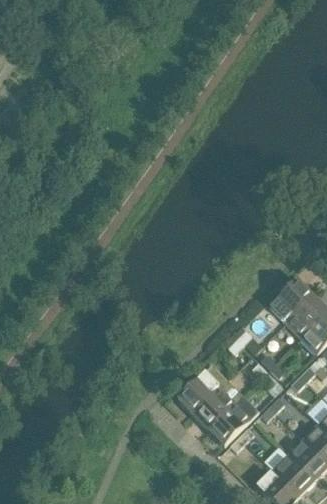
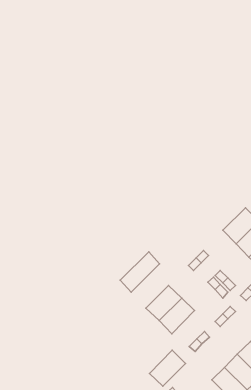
building: none -> [120,252,159,292]
building: [208,401,251,444] -> [149,350,185,386]

